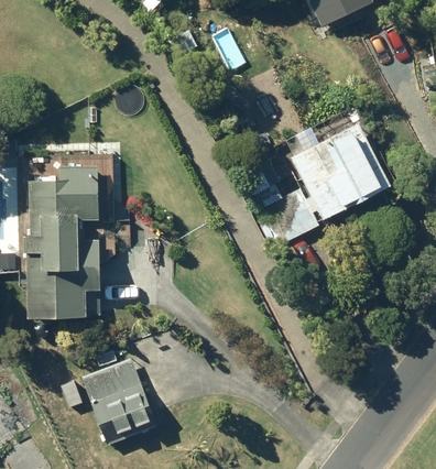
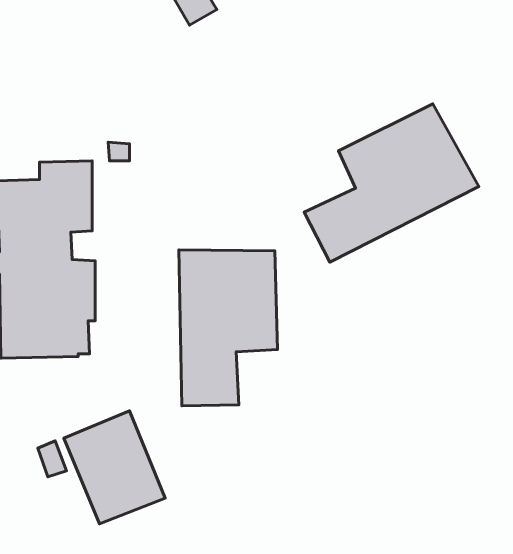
building: none -> [179,250,278,406]

